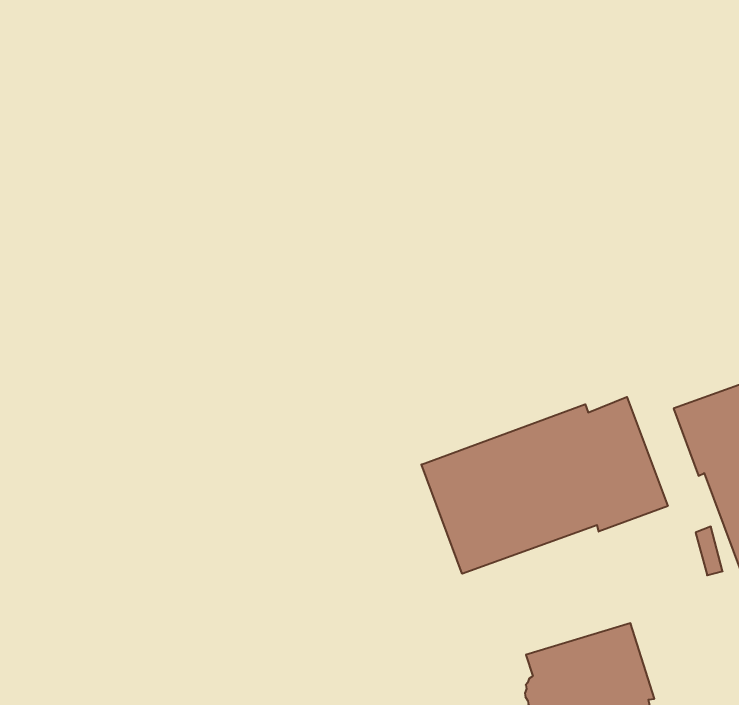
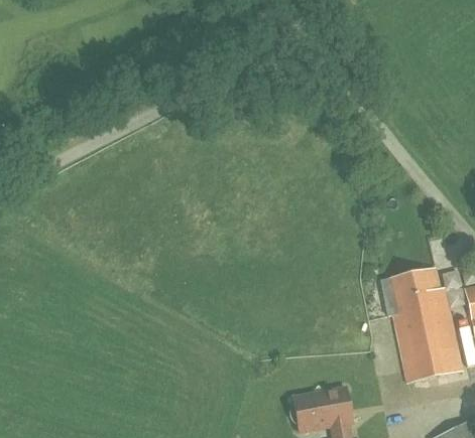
building: [421,397,668,574] -> none

